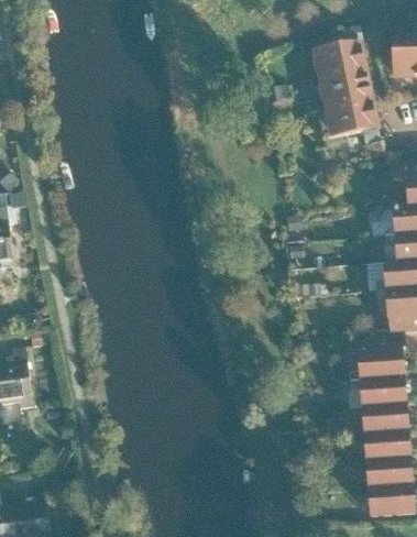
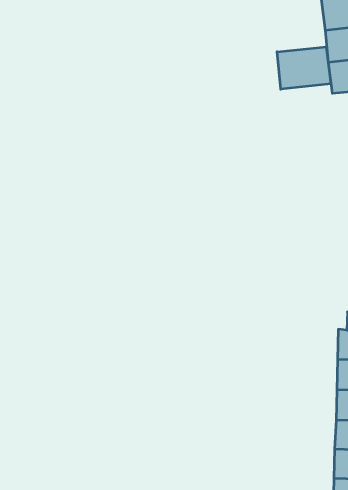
building: none -> [277,47,331,89]

